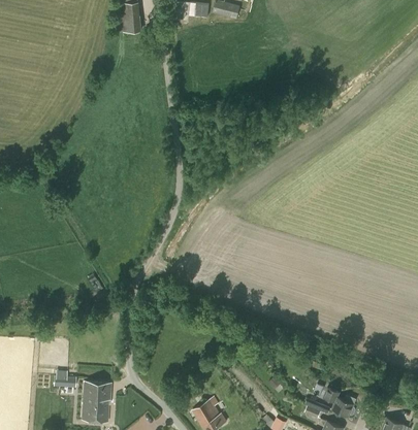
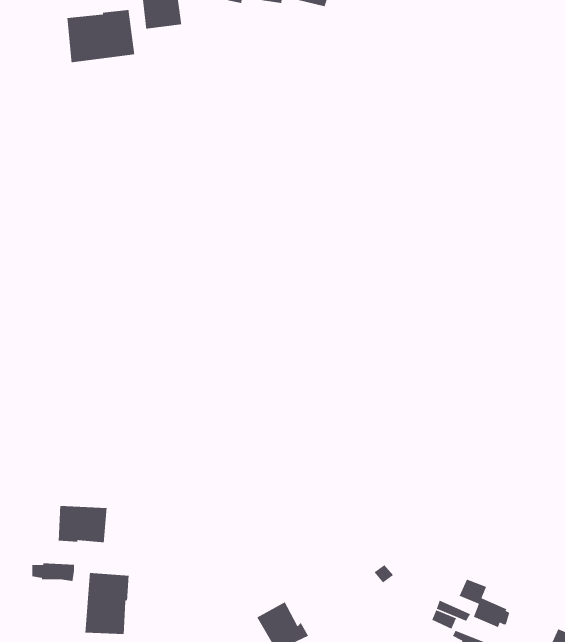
building: none -> [66,9,135,63]
building: none -> [58,505,107,543]

